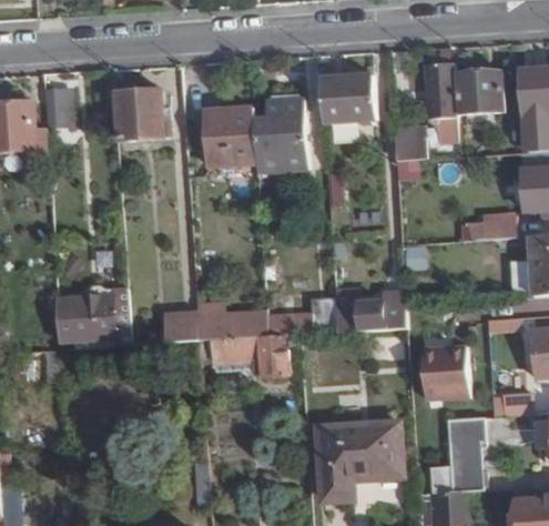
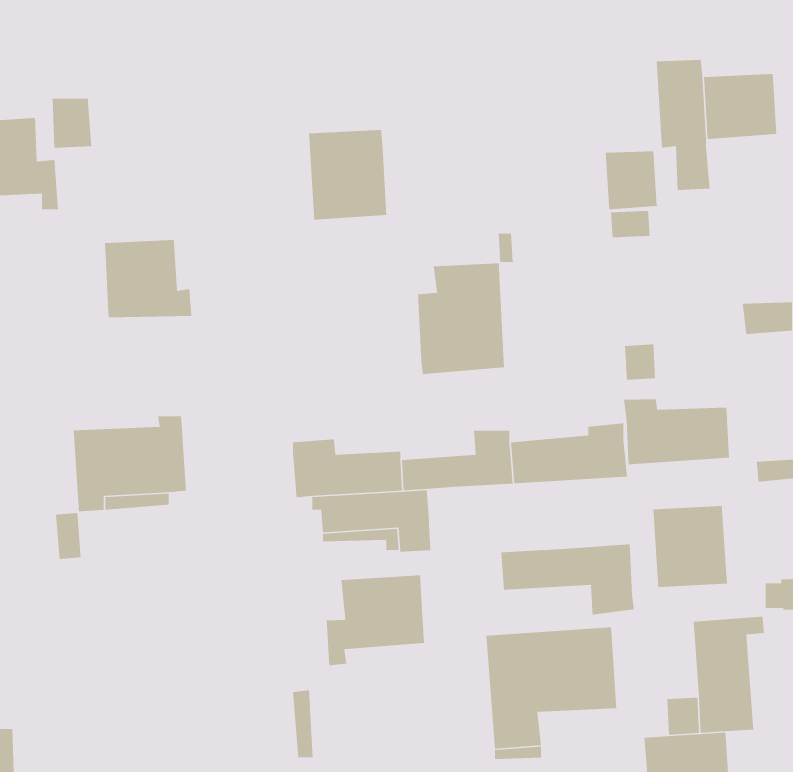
building: [319,74,375,120] -> none
building: [116,89,172,139] -> [104,239,192,318]
building: [253,100,308,171] -> [417,262,505,375]
building: none -> [623,398,730,465]
building: [163,312,197,343] -> none
building: none -> [501,543,635,616]
building: none -> [326,575,425,666]

